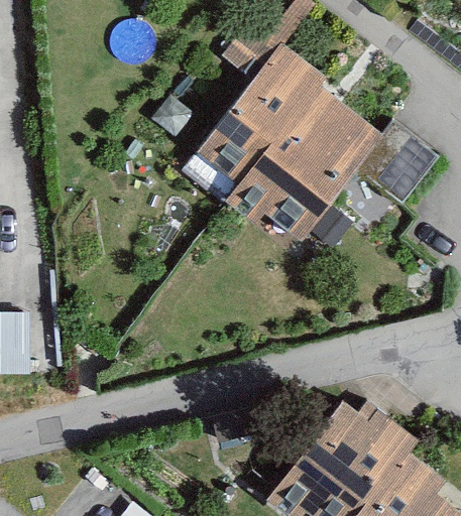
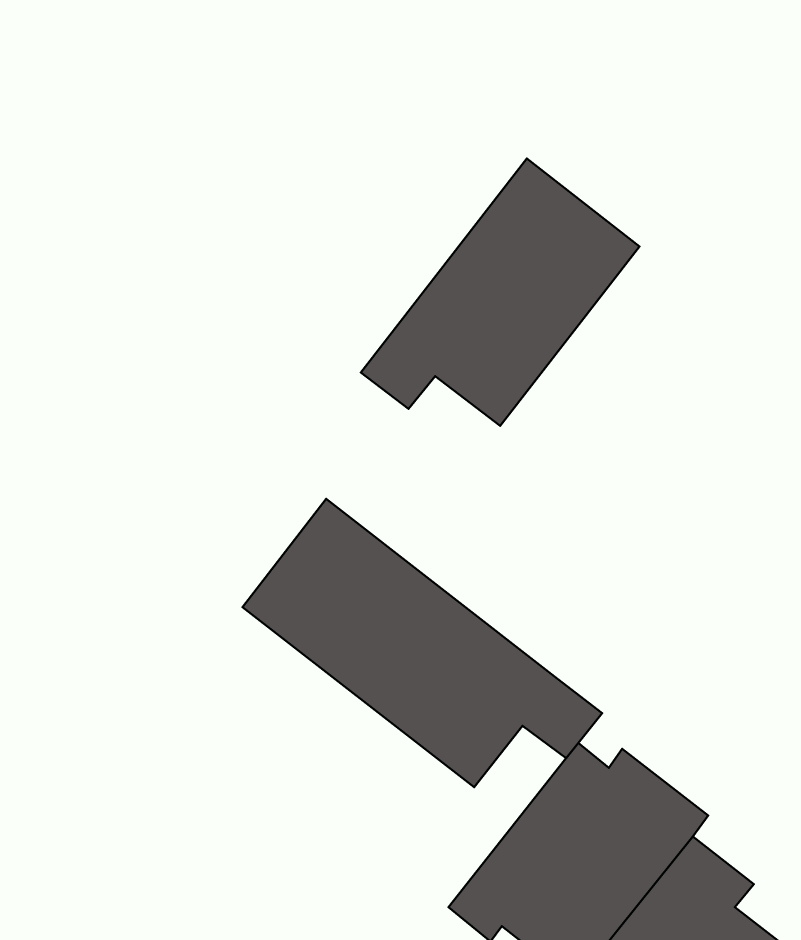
building: [195,53,318,190] -> none
building: none -> [243,499,602,787]

